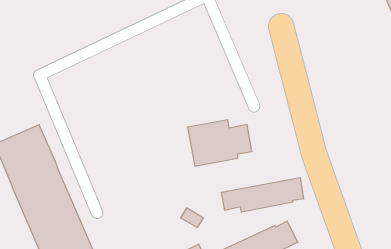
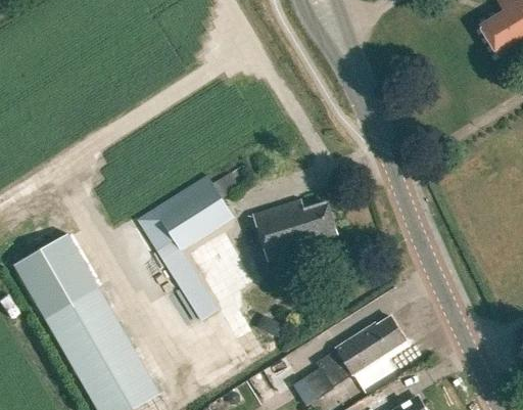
building: none -> [137,176,231,319]
building: [221,178,304,212] -> none

